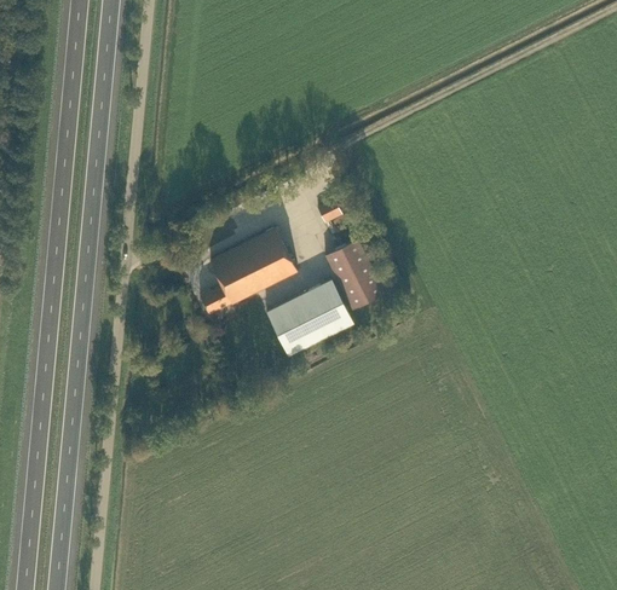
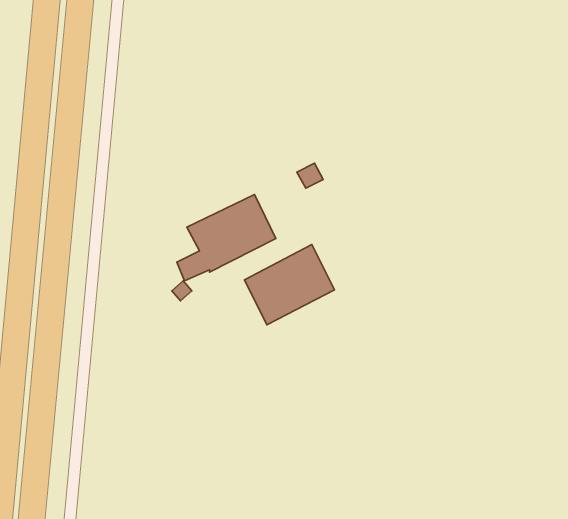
building: [324,239,386,310] -> none

